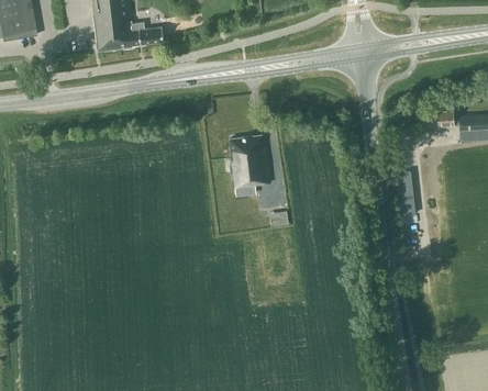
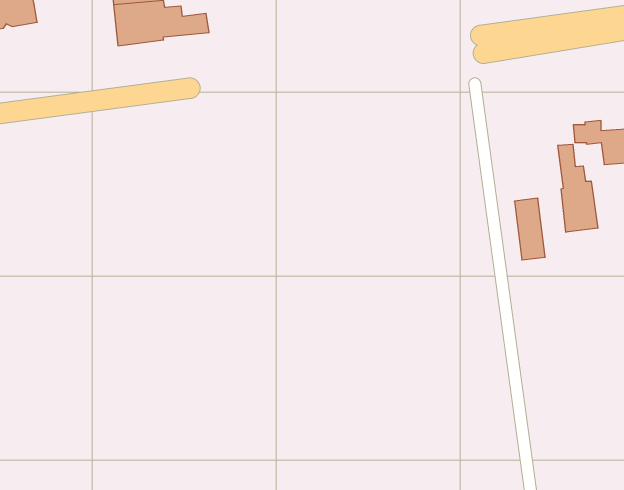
building: none -> [558,144,598,232]
building: [229,135,270,189] -> none

